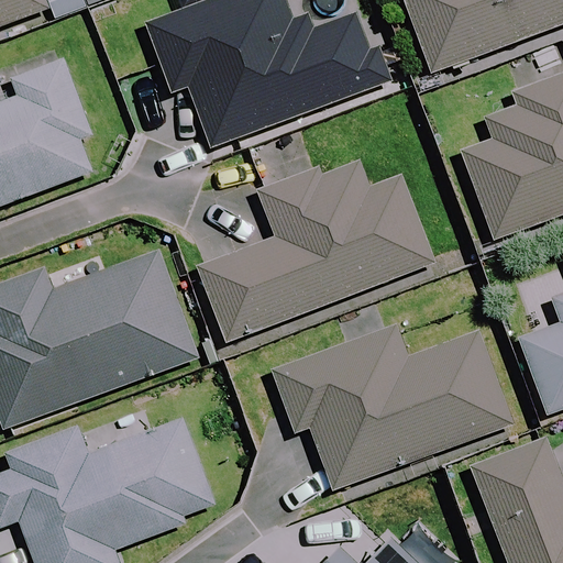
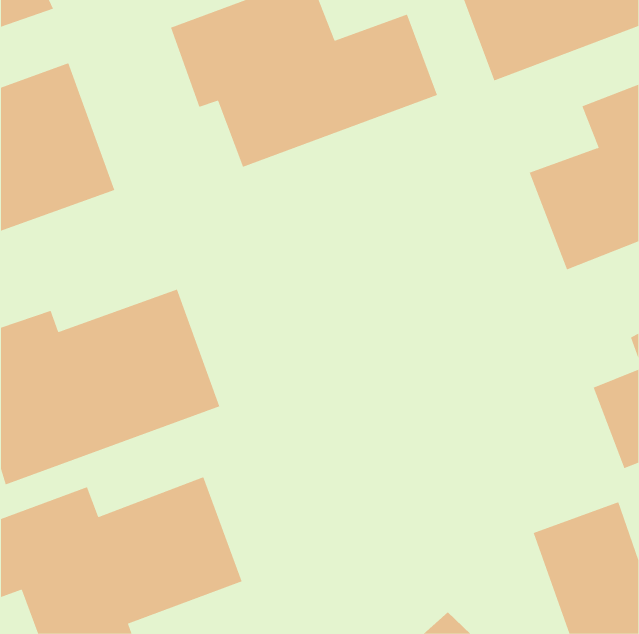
building: [202,159,433,340] -> none
building: [276,328,511,487] -> none

